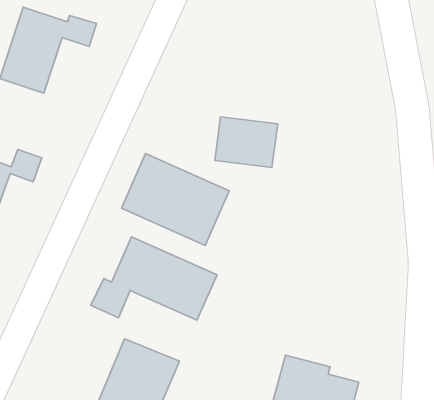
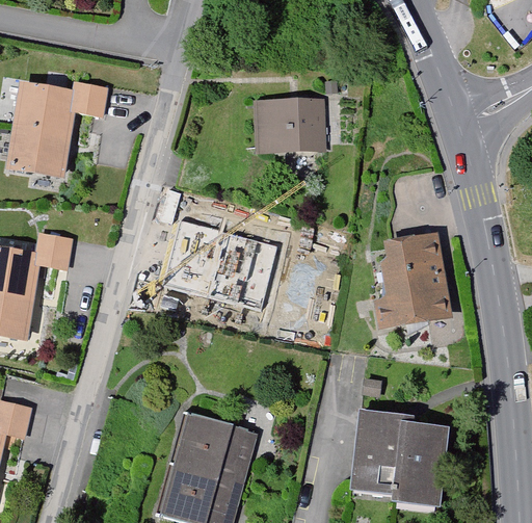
building: [215,117,278,168] -> [260,102,323,152]
building: none -> [378,238,443,320]
building: [91,237,217,320] -> none

